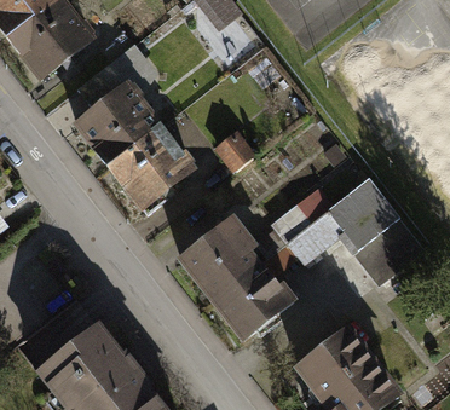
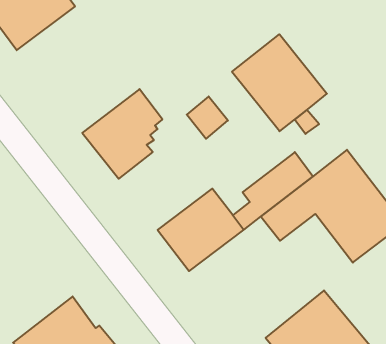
building: [73,41,163,163] -> none
building: none -> [232,34,327,131]
building: [213,260,299,342] -> none

